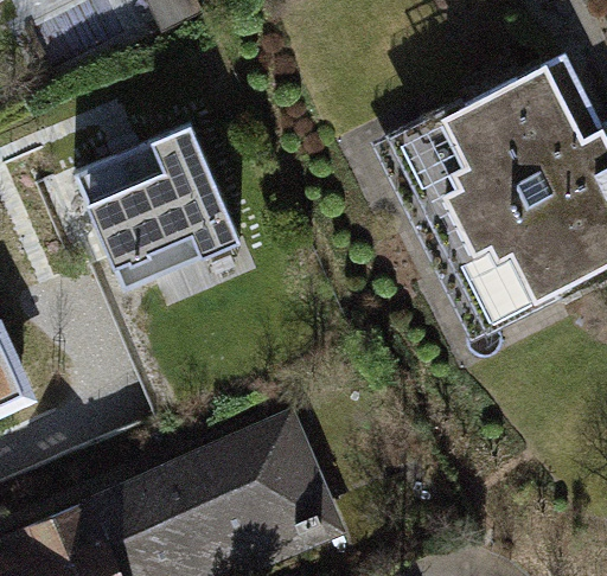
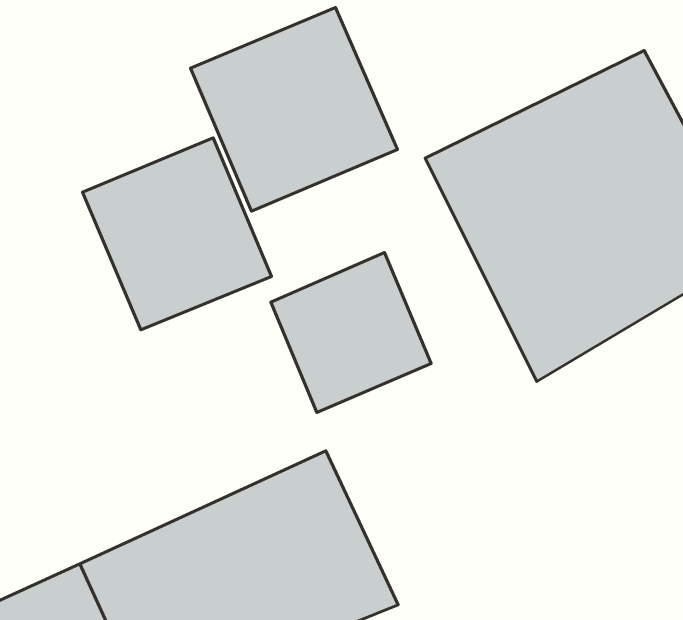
building: none -> [190,7,398,211]
building: none -> [271,253,431,412]

